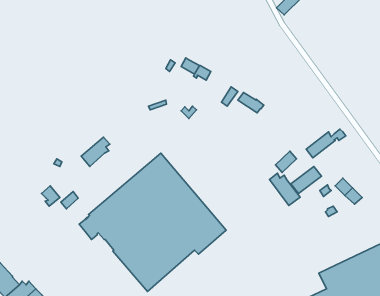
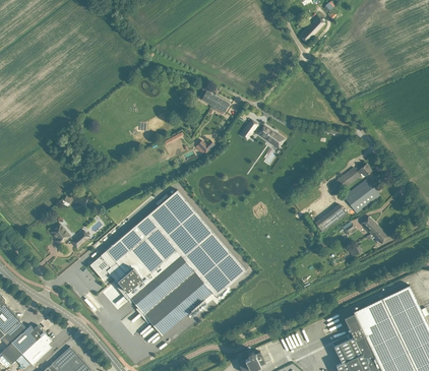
building: [81,137,110,166] -> none
building: none -> [343,180,379,214]
building: [269,173,300,205] -> none

